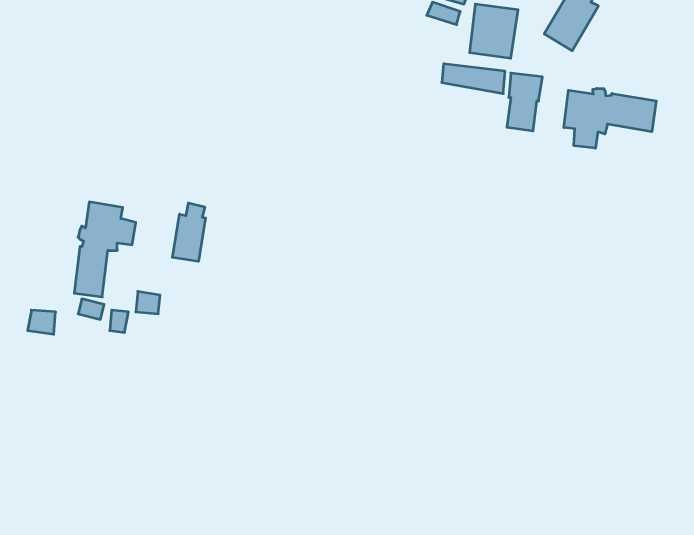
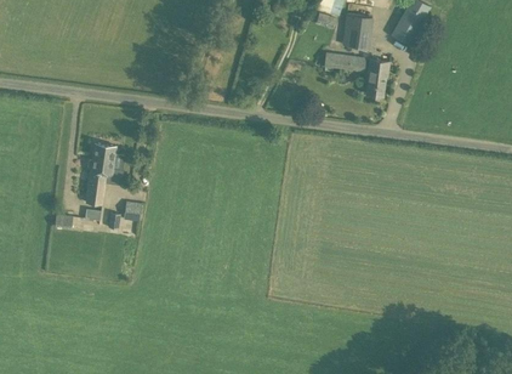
building: [564,88,656,148] -> none
building: [172,203,206,261] -> none

